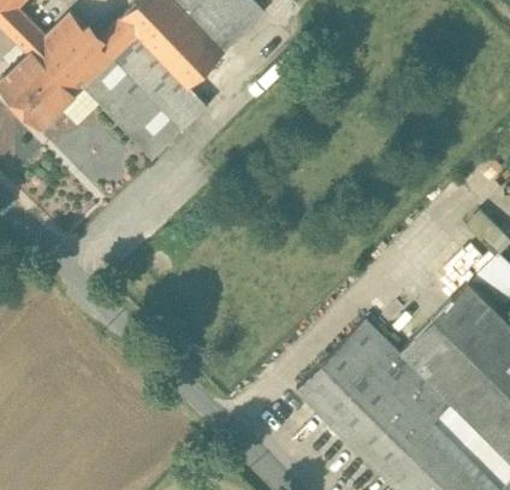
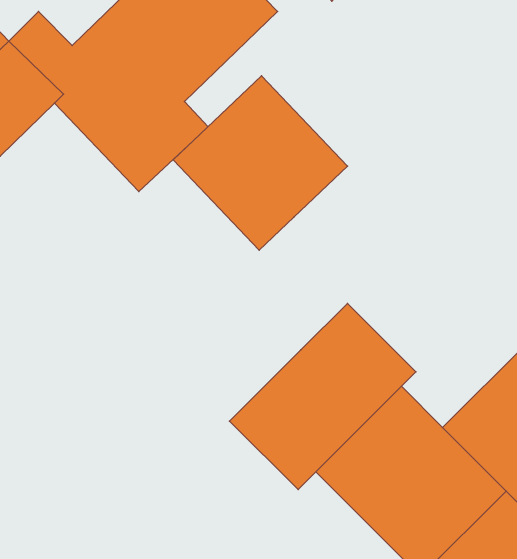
building: none -> [173,76,348,250]
building: none -> [230,304,416,490]

